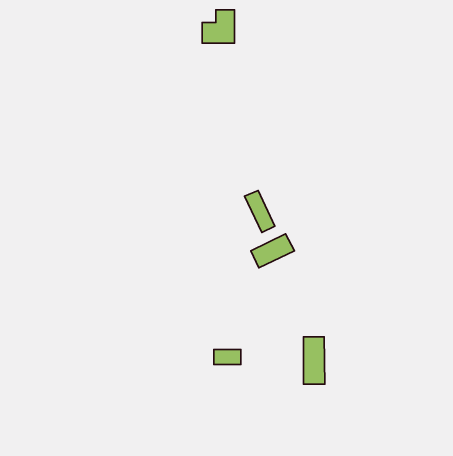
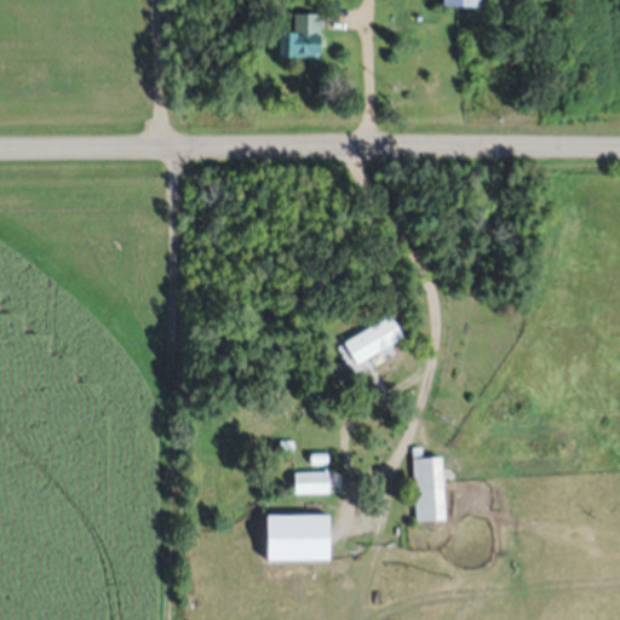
building: [245,191,275,232] -> none
building: none -> [264,513,327,561]

